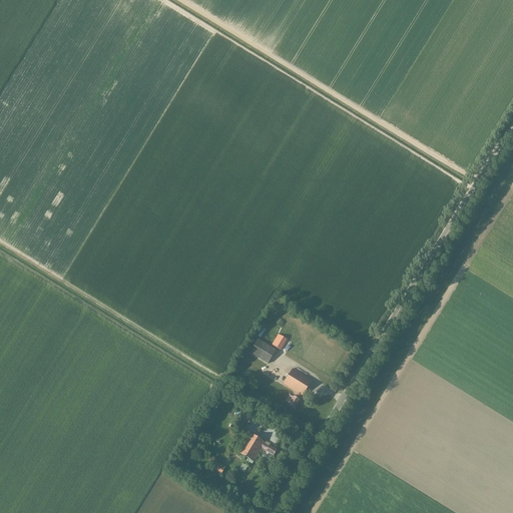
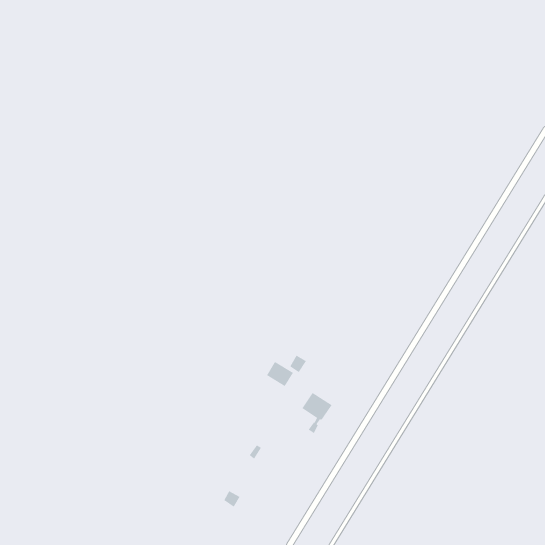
building: [238,432,278,460] -> none

